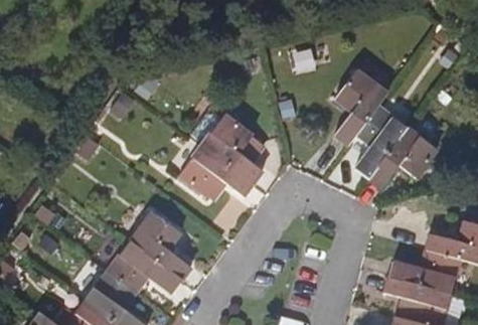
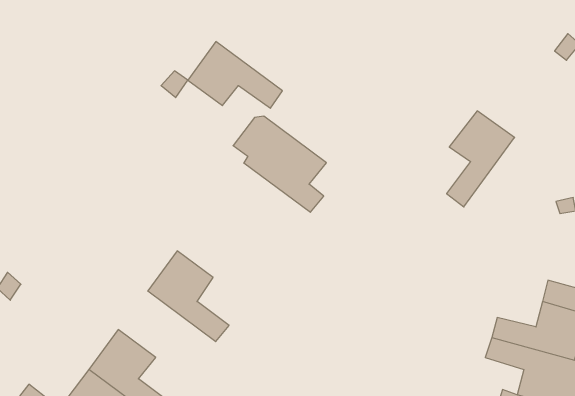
building: [334,69,387,145] -> none
building: [367,126,435,187] -> none
building: [180,145,252,195] -> [188,42,282,108]
building: [107,241,180,293] -> none

